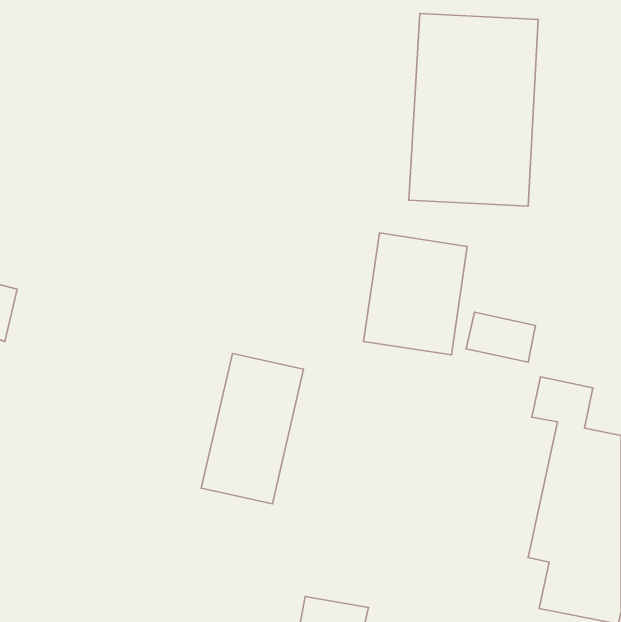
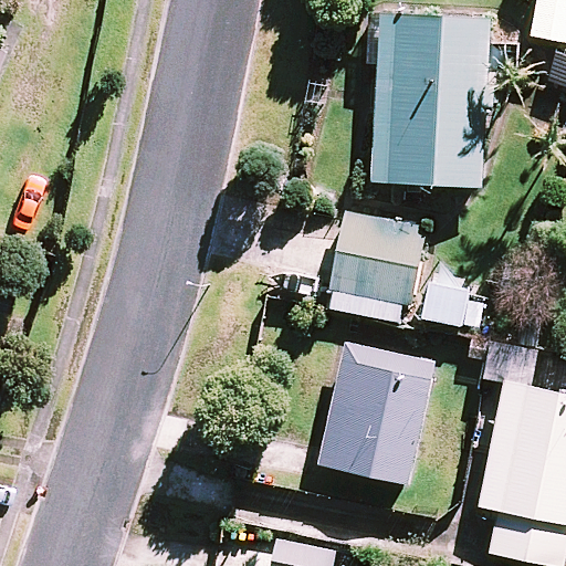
building: [201,353,304,504] -> none
building: none -> [317,340,436,484]

